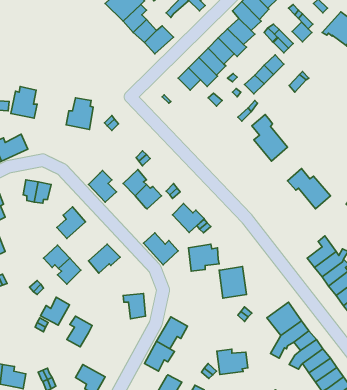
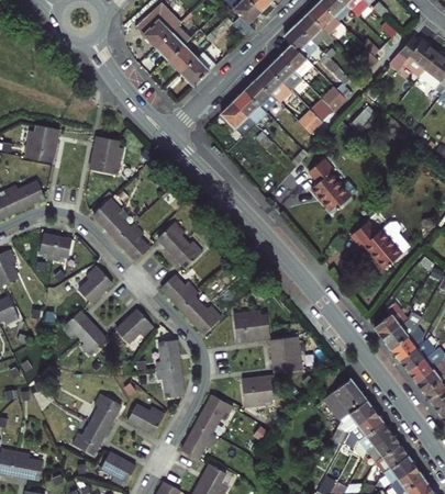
building: none -> [92,198,129,239]
building: [172,204,204,233] -> [160,274,198,308]
building: none -> [155,339,180,370]
building: [40,297,69,325] -> [71,422,105,454]
building: none -> [126,403,164,434]
building: [217,349,248,374] -> [241,377,277,406]

